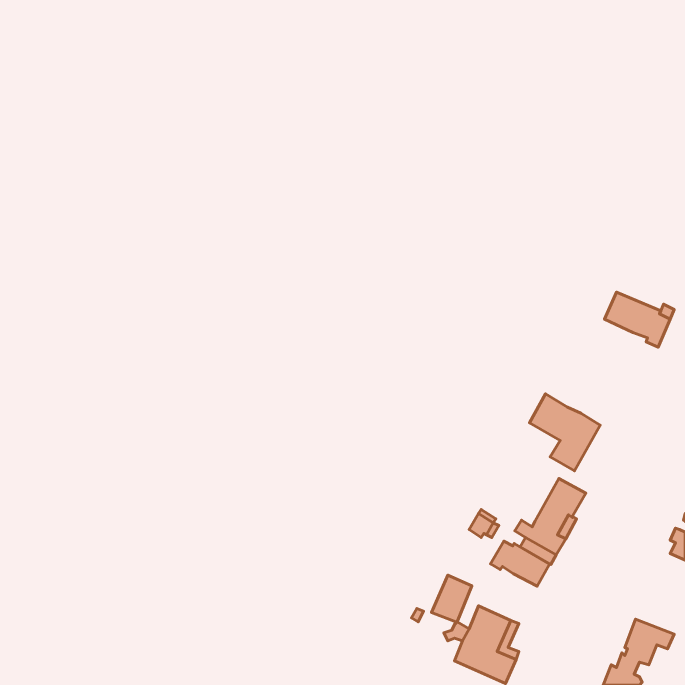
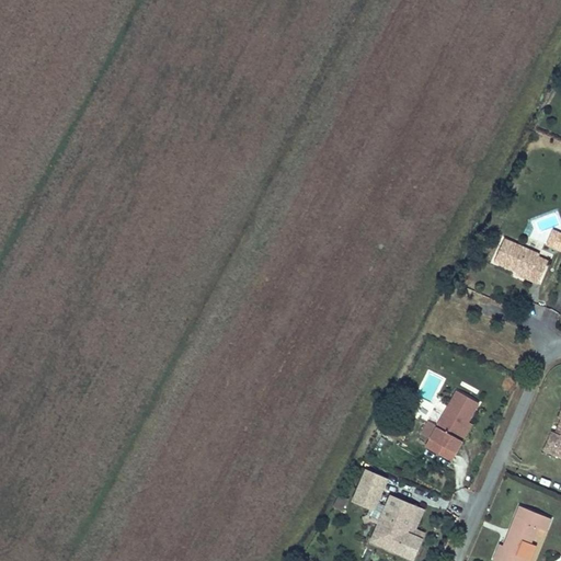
building: [529,394,600,471] -> none
building: [490,541,549,586] -> none

